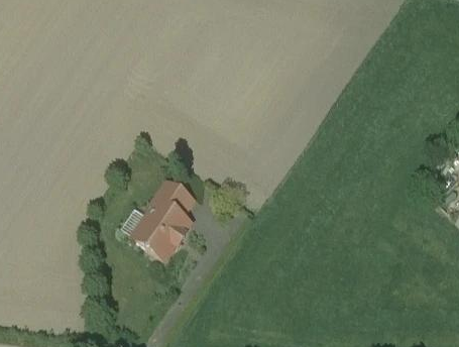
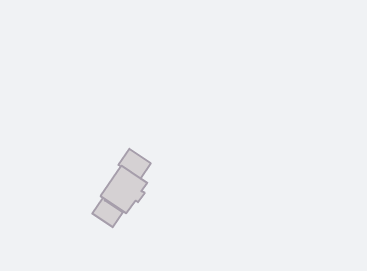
building: none -> [92,198,123,227]

